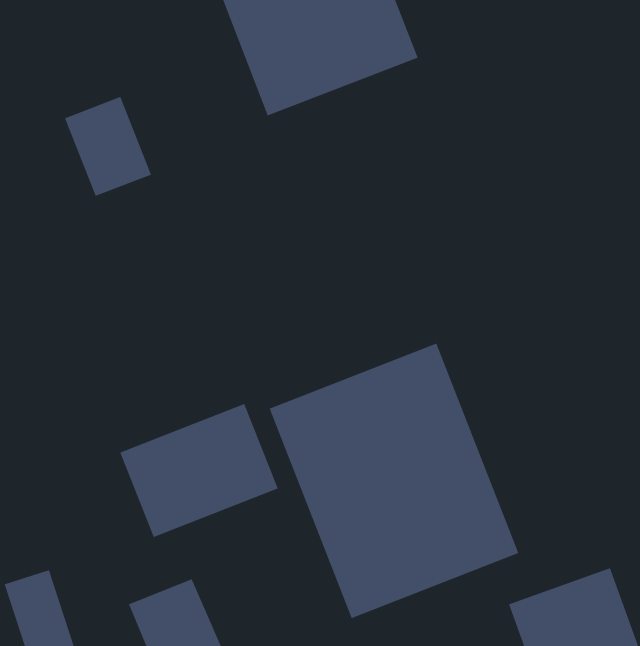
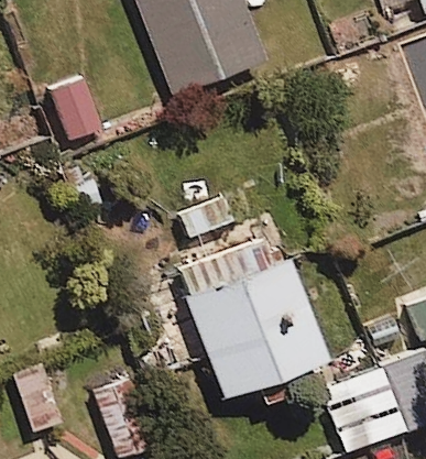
building: [120,403,279,538] -> none

